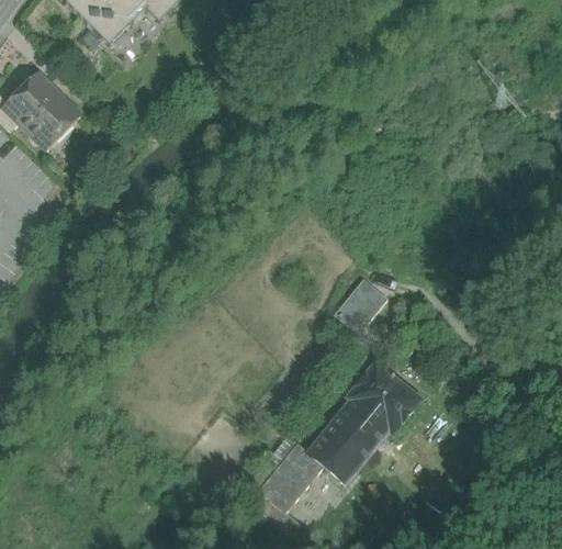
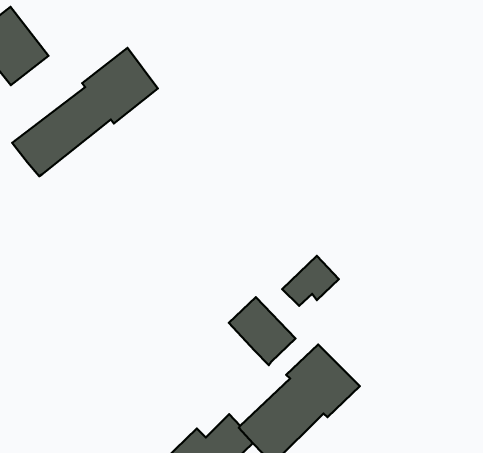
building: none -> [12,48,158,176]
building: none -> [229,297,296,365]

